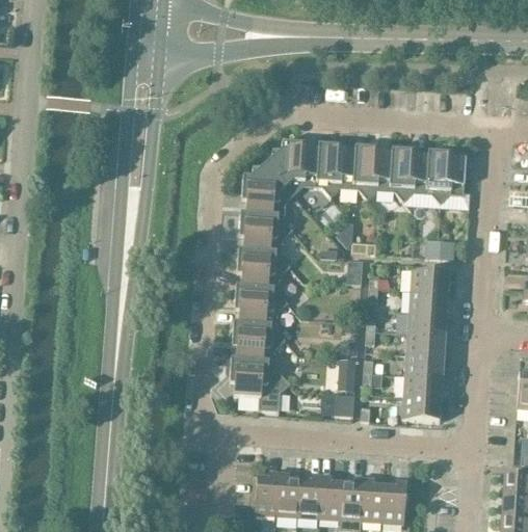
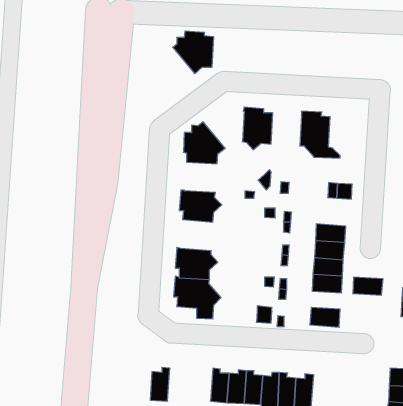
building: [266,140,318,194] -> [173,31,214,74]
building: [352,145,391,198] -> none
building: [425,150,470,209] -> none
building: [238,211,292,250] -> none
building: [410,268,449,293] -> none
building: [234,284,287,324] -> none
building: [403,375,442,398] -> [353,277,383,295]
building: [254,472,279,514] -> [150,367,170,401]

